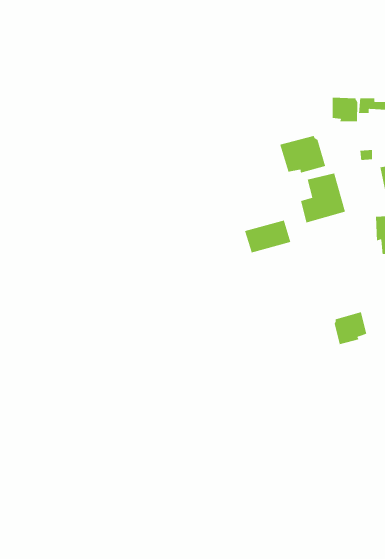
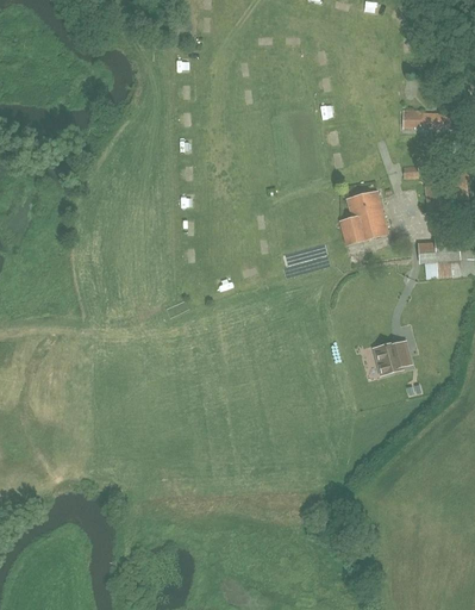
building: [332,97,358,122] -> none
building: [280,135,326,173] -> none

